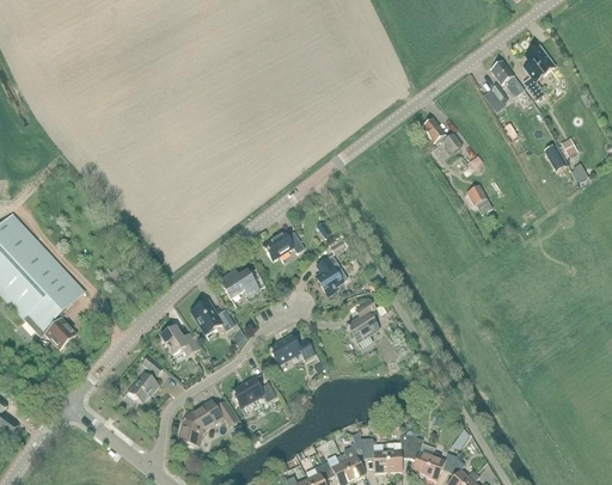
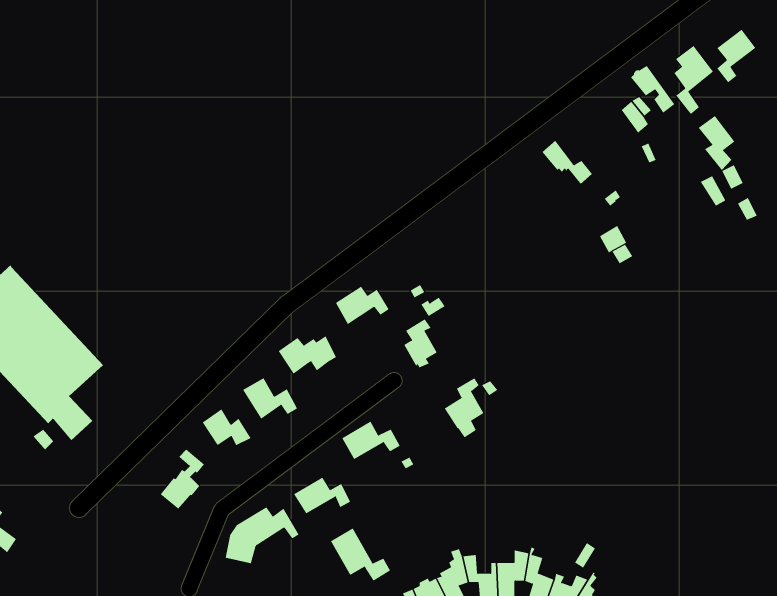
building: none -> [716,29,756,83]
building: none -> [698,115,735,171]
building: none -> [330,528,391,581]

